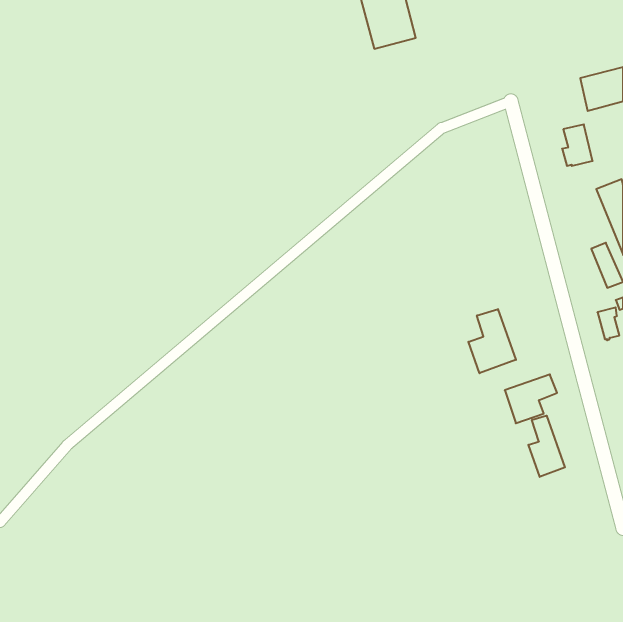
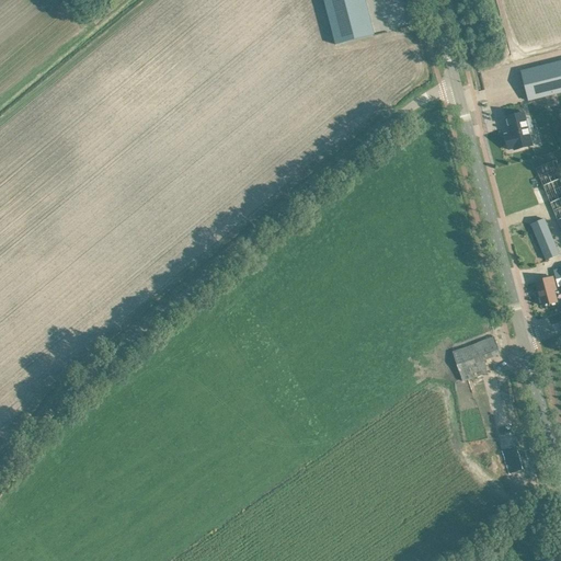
building: [468,309,516,373] -> none
building: [528,416,565,477] -> none

